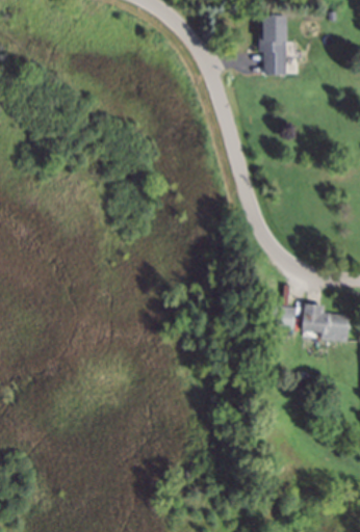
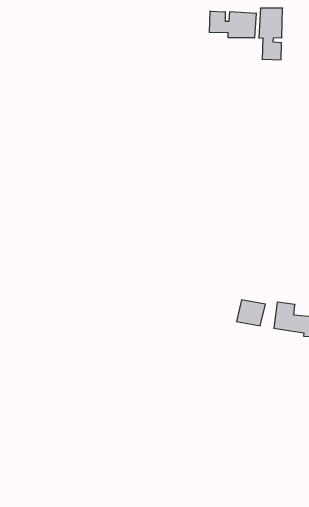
building: none -> [209,11,256,38]

